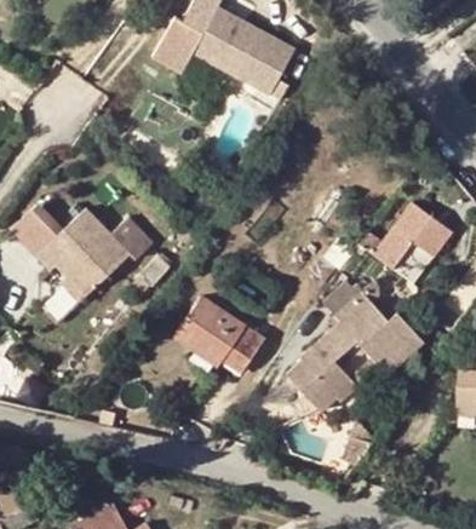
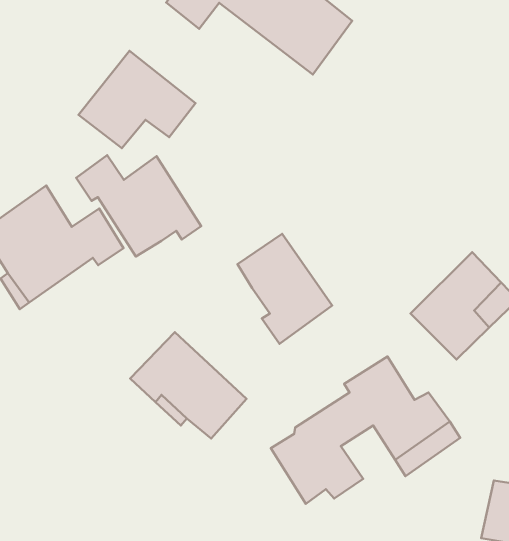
building: none -> [79,51,195,148]
building: none -> [76,155,201,257]
building: none -> [237,234,332,344]

